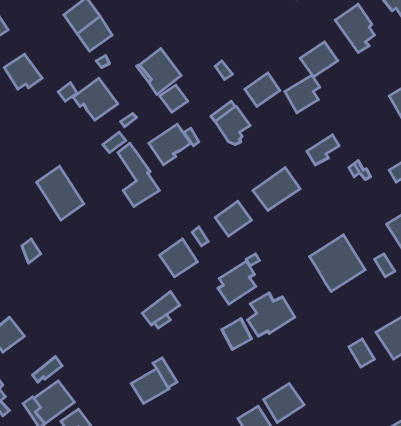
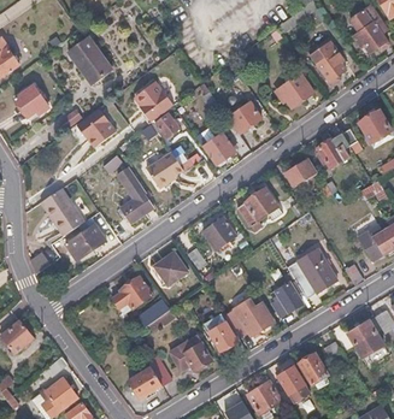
building: [285,75,320,113] -> [317,134,348,167]
building: none -> [65,224,106,262]
building: [218,261,256,304] -> [269,278,302,317]
building: none -> [111,275,151,313]
building: none -> [167,335,210,370]
building: none -> [298,352,328,384]
building: none -> [276,366,308,403]

